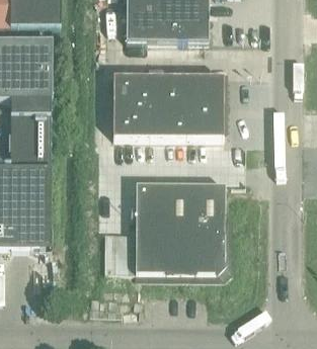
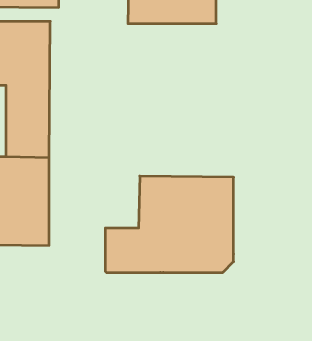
building: [112,73,223,136] -> none

